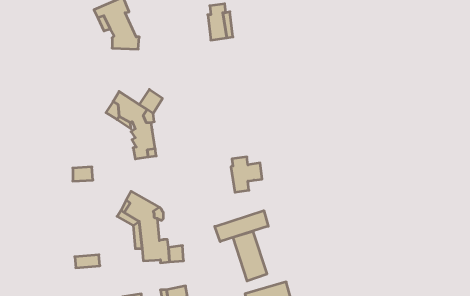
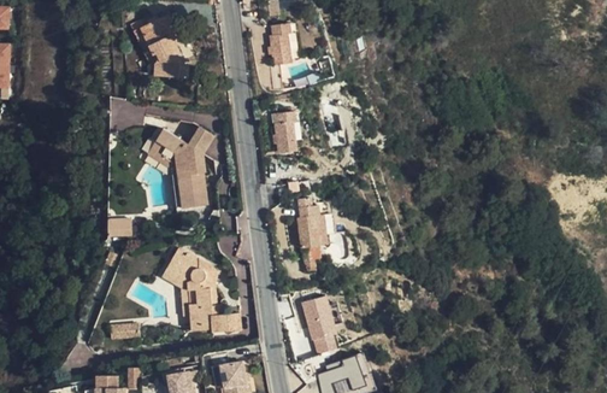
building: none -> [273,111,295,154]
building: [215,211,268,242] -> none

